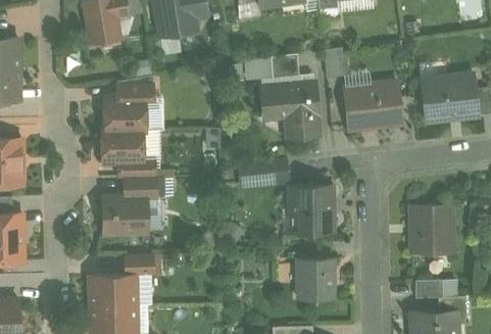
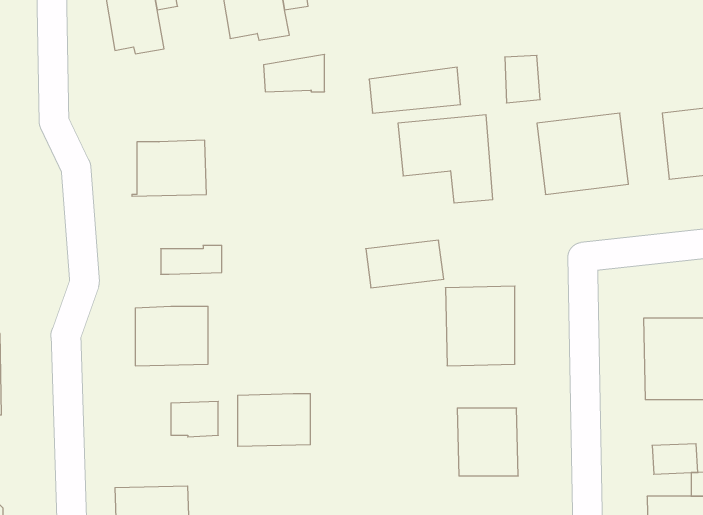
building: [116,76,153,98] -> [264,54,325,92]
building: [101,130,146,163] -> none
building: [124,177,157,197] -> none
building: [91,275,135,306] -> [238,394,310,446]

